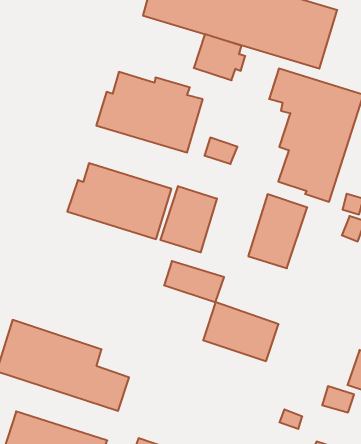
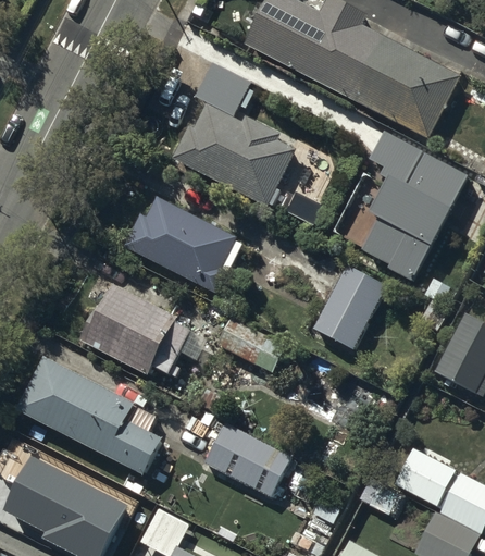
building: [194,34,245,80] -> [194,59,252,114]
building: [160,186,217,252] -> none
building: none -> [76,287,188,376]
building: [203,302,279,361] -> [204,422,290,496]

